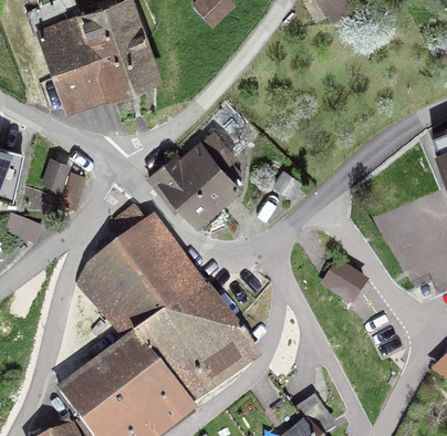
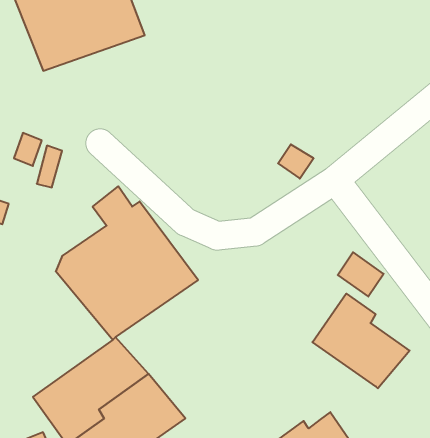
building: [148,133,239,225] -> none
building: [132,289,253,404] -> none
building: none -> [312,294,410,388]

